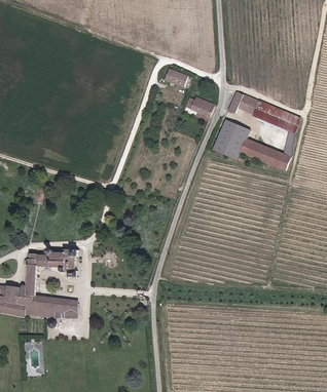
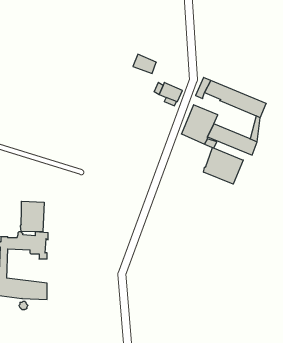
building: none -> [204,148,243,184]
building: none -> [21,201,44,232]

